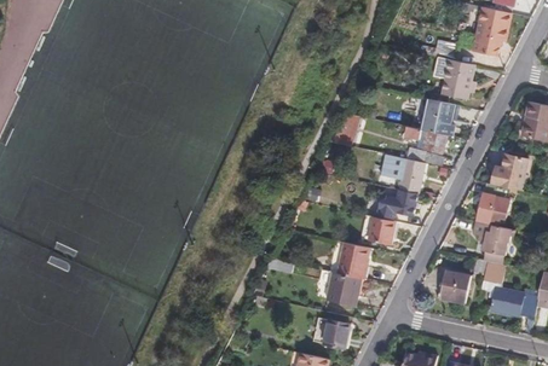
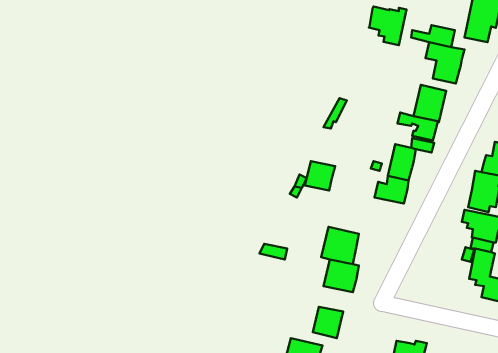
building: none -> [369,7,406,45]
building: [369,216,399,245] -> [305,161,335,190]
building: [434,271,469,304] -> none

